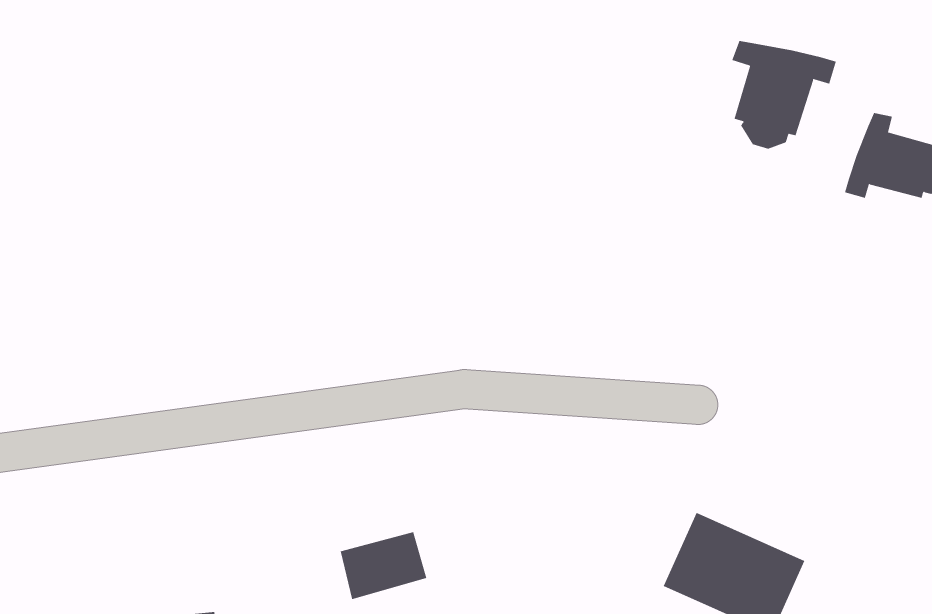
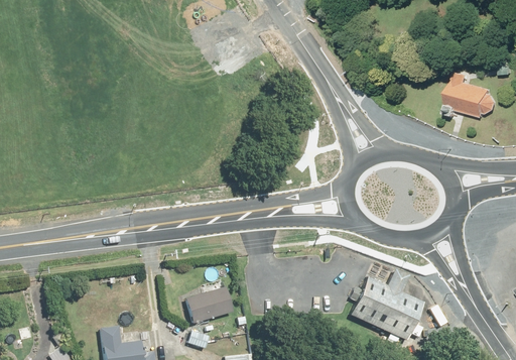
building: [731,40,837,149] -> none

